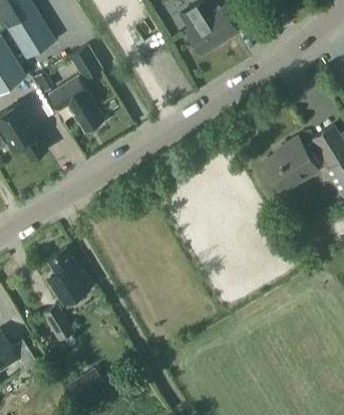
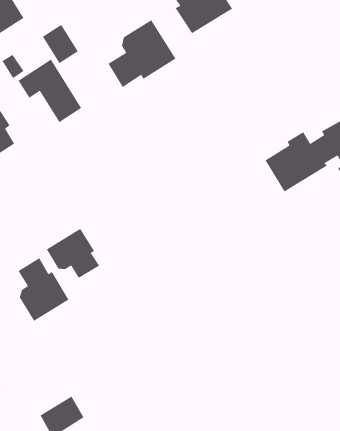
building: none -> [108,19,176,88]
building: none -> [46,228,100,279]
building: [42,305,73,341] -> none

